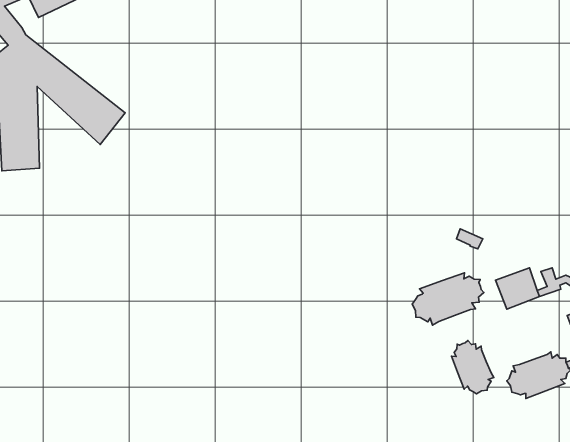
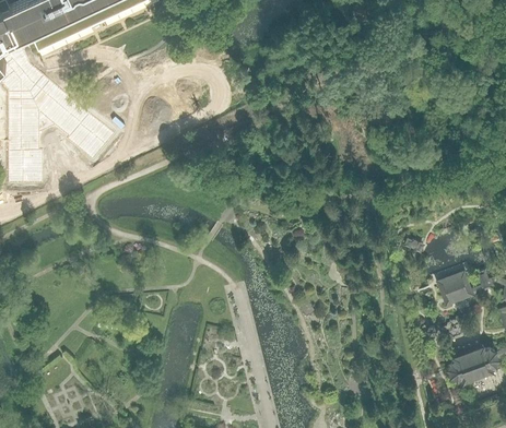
building: [412,273,484,325] -> none
building: [451,341,494,394] -> none

